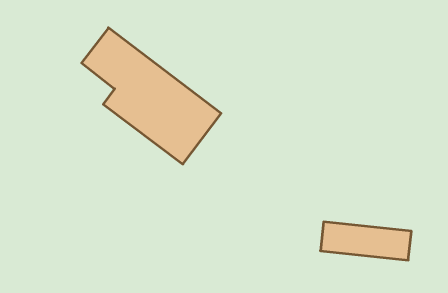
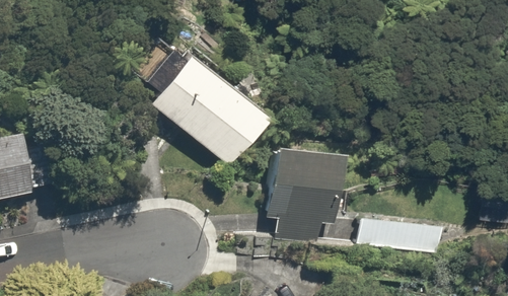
building: none -> [266,140,341,241]

